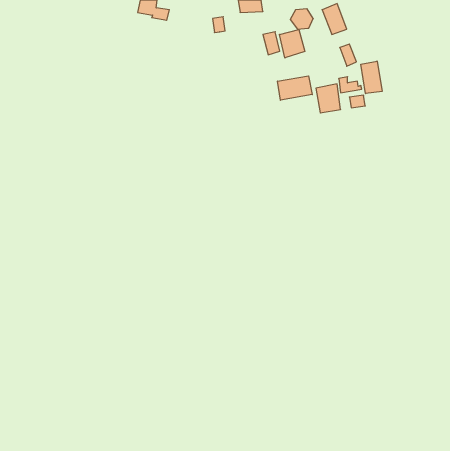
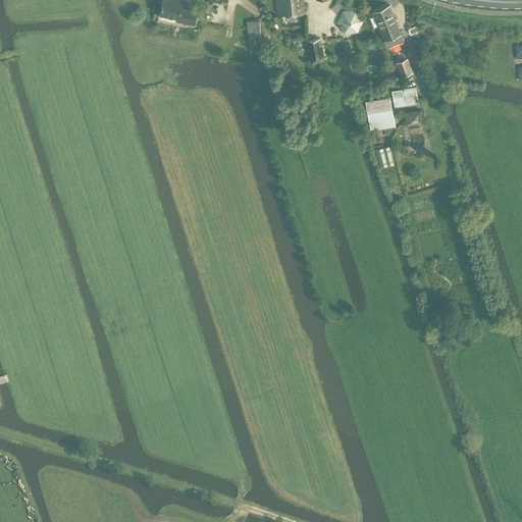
building: [279,29,305,58] -> none
building: [361,61,382,94] -> none
building: [278,76,312,100] -> none

